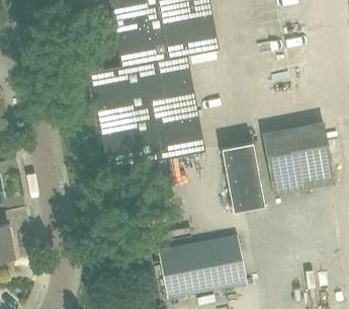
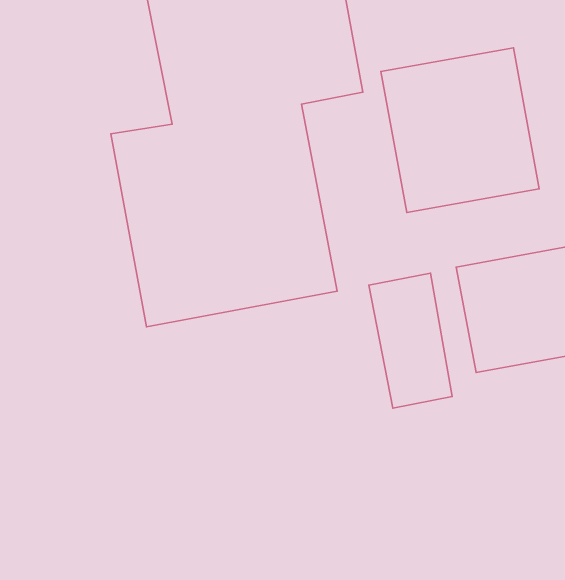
building: none -> [381,48,539,213]
building: [161,233,247,294] -> none

